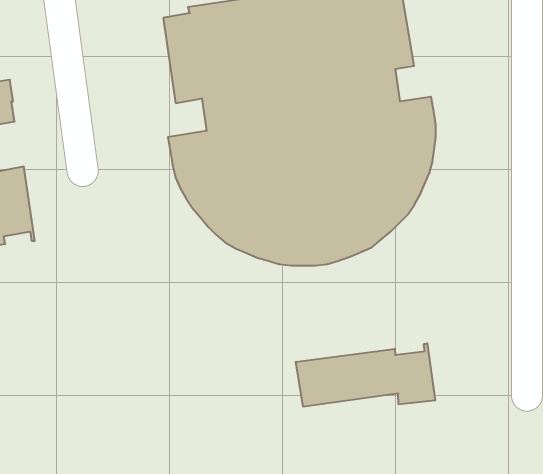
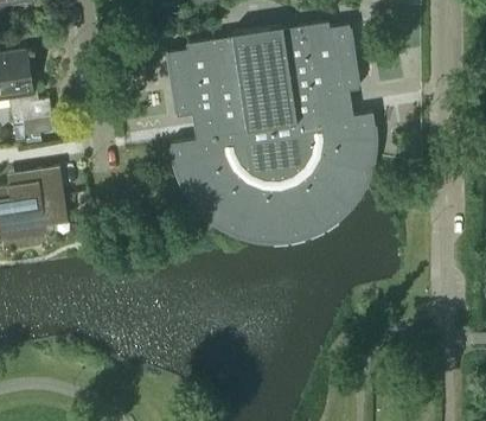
building: [296,343,435,407] -> none

